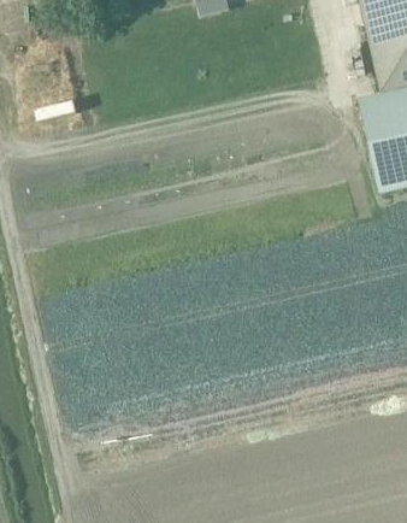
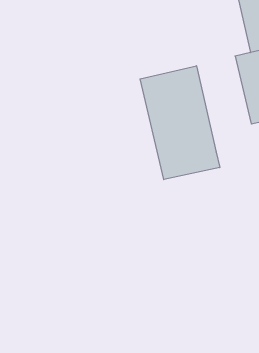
building: none -> [140,66,220,180]

